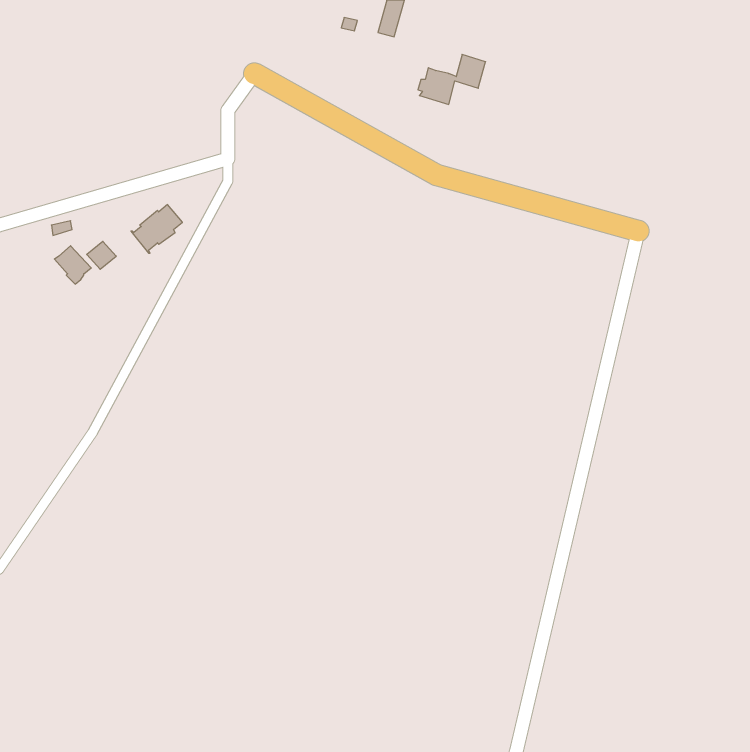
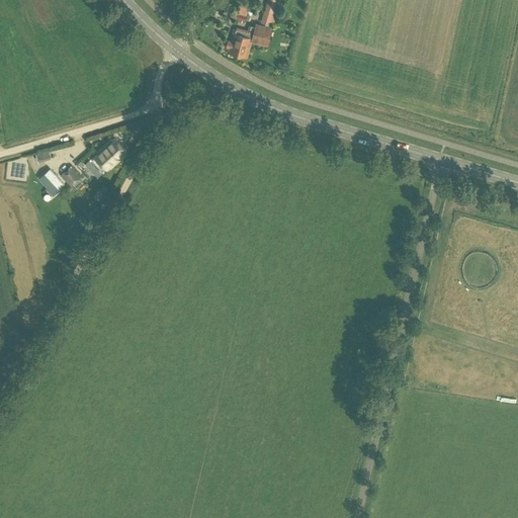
building: [418,54,486,104] -> [225,23,271,58]

